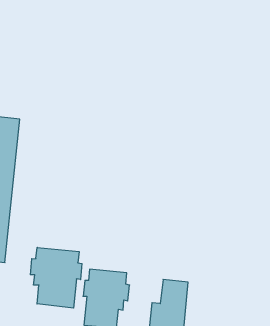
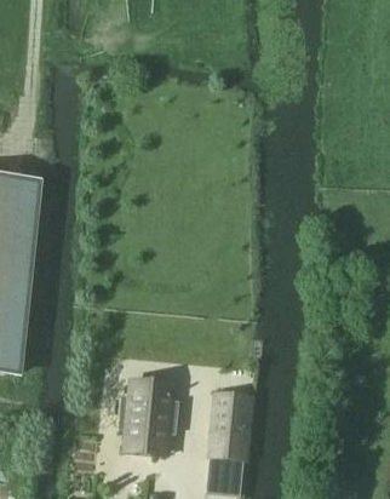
building: [30,247,82,308] -> none

